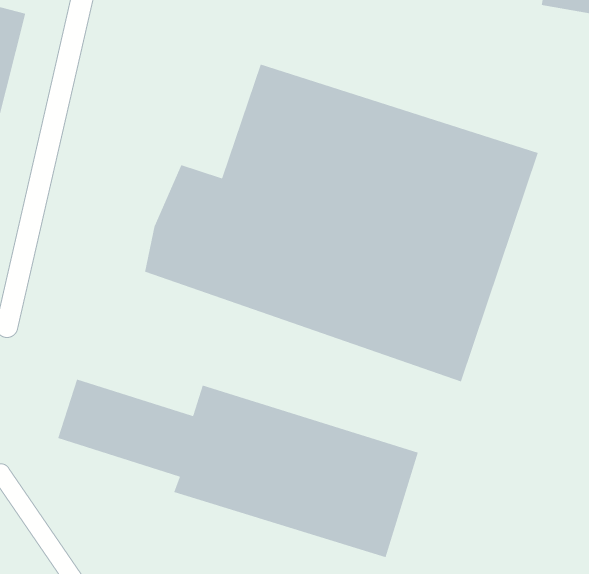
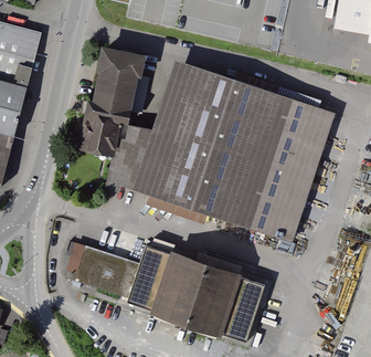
building: none -> [81,44,145,154]

